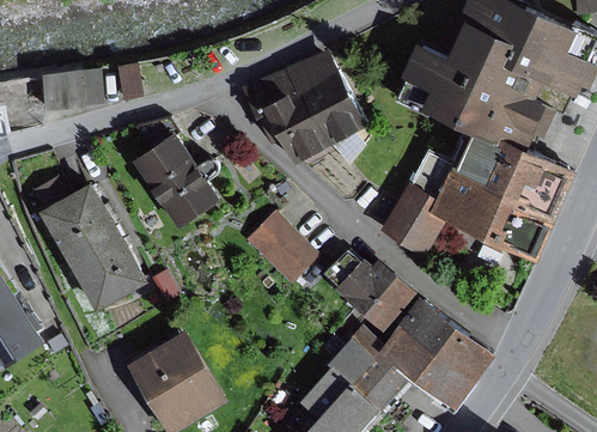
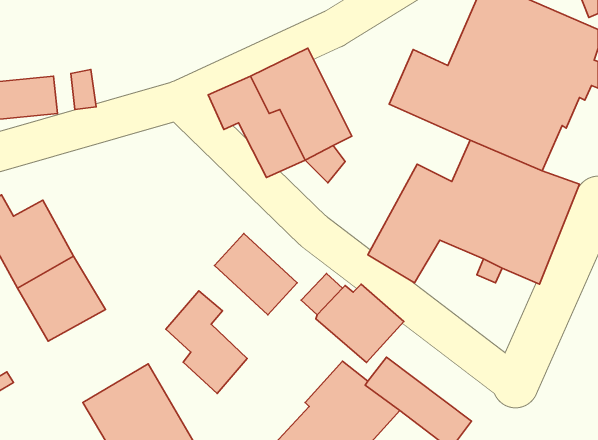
building: [130,133,220,229] -> none
building: none -> [166,291,247,393]
building: [398,297,494,382] -> none

